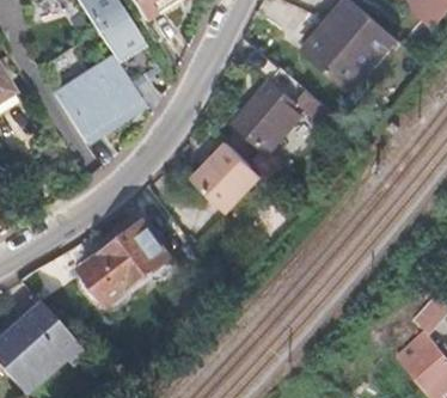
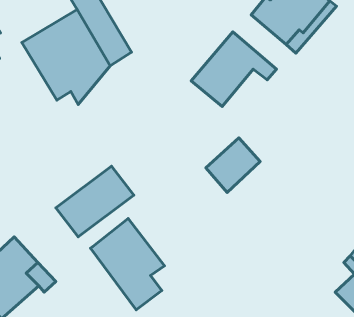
building: [189,146,250,207] -> [206,138,260,192]
building: none -> [90,219,165,310]

